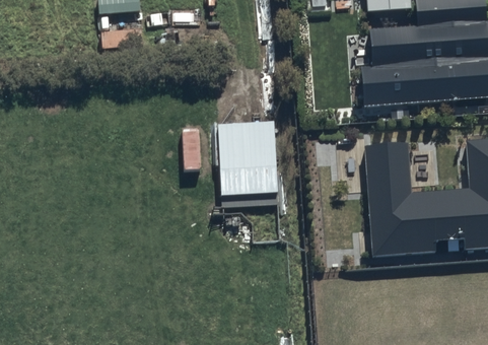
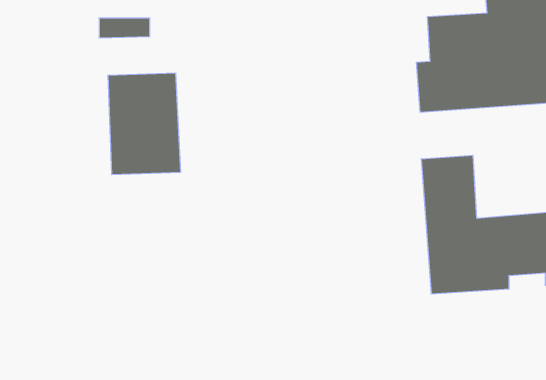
building: [218,122,278,205] -> [108,73,181,175]

